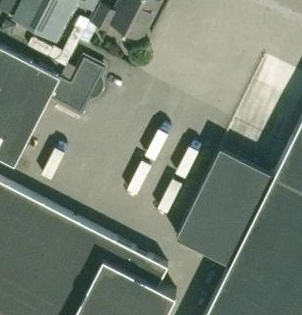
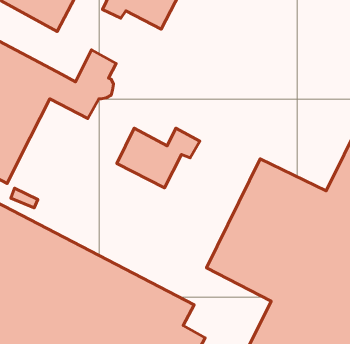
building: none -> [117,128,200,188]

